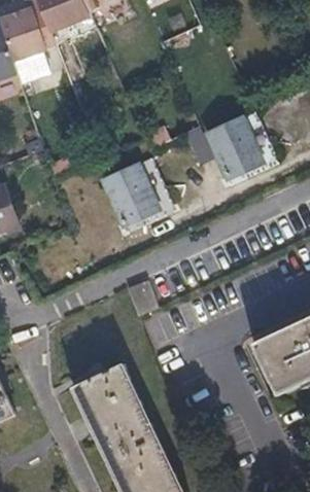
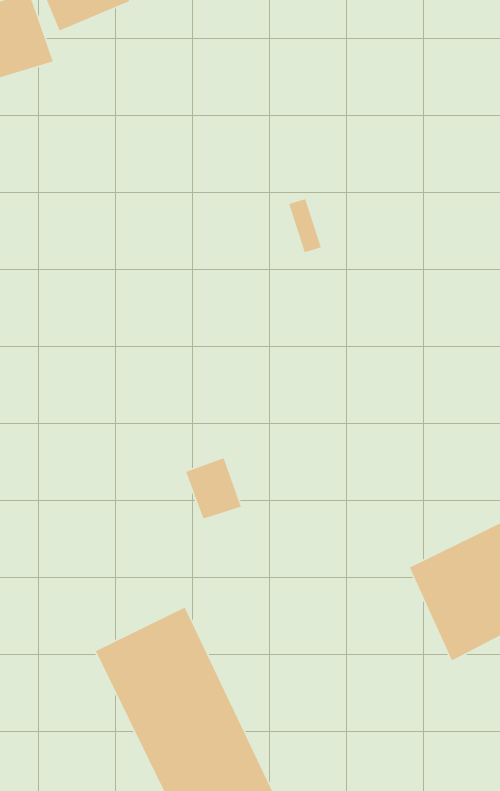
building: [207,111,273,178] -> none
building: [102,159,169,226] -> none

